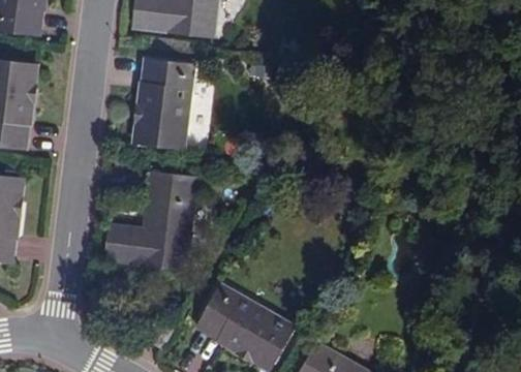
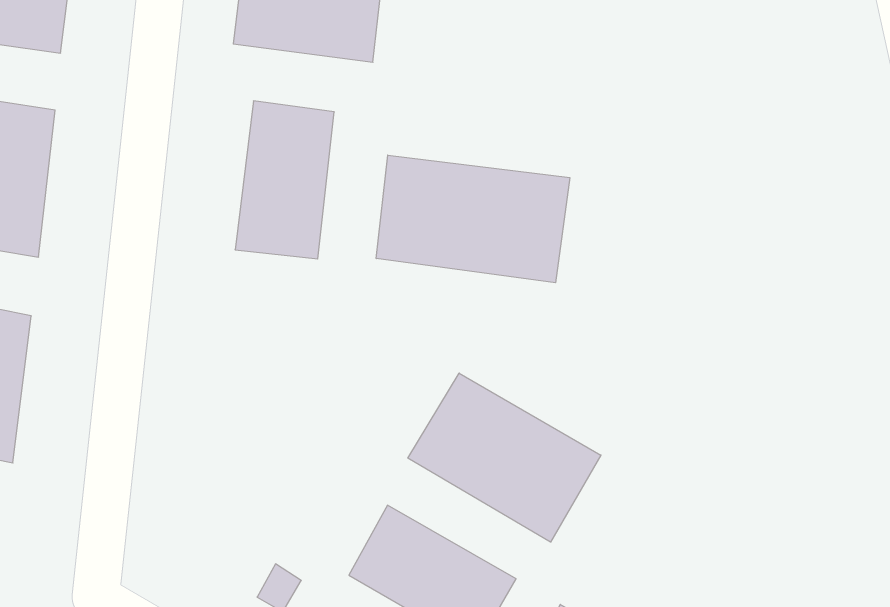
building: none -> [376,155,570,283]
building: [104,173,196,270] -> none
building: none -> [408,373,601,542]

